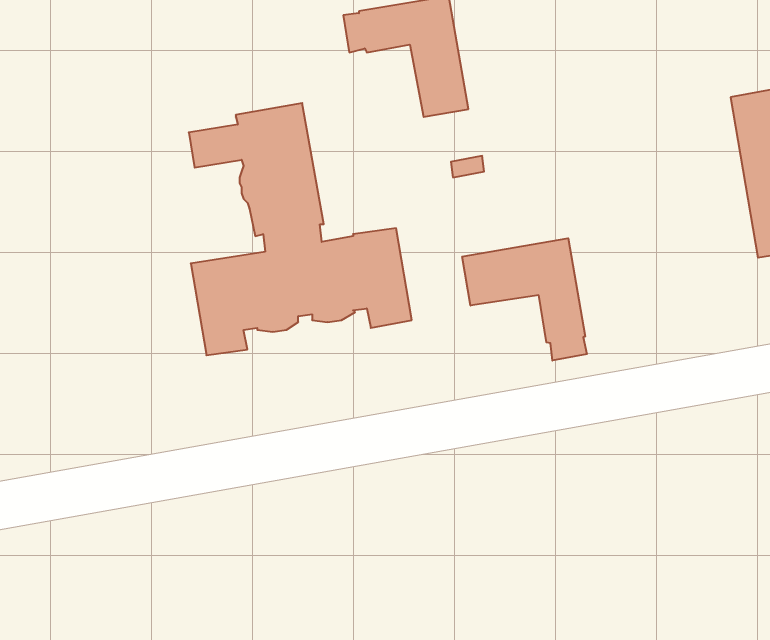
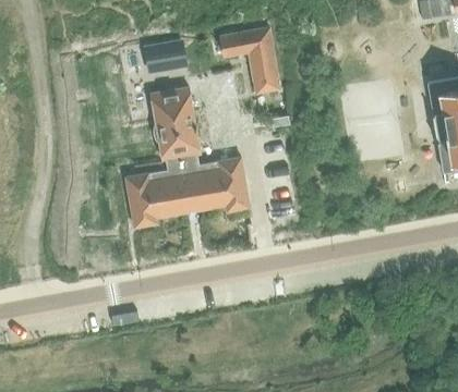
building: none -> [147,42,185,70]
building: [462,238,587,361] -> none

